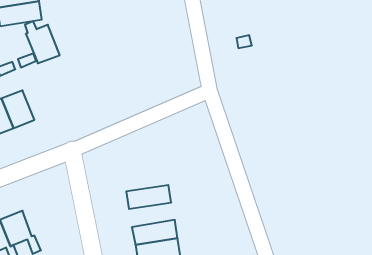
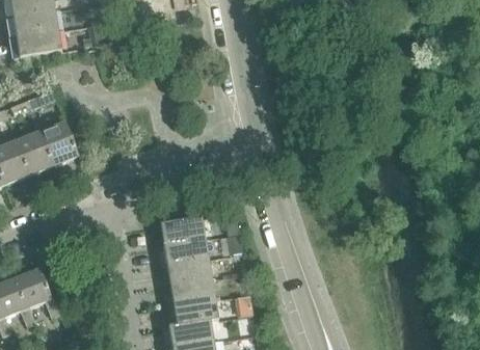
building: [25,21,60,63] -> [41,115,80,163]
building: none -> [156,216,207,244]
building: none -> [162,257,214,285]

